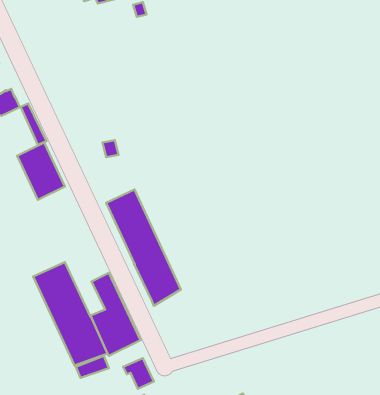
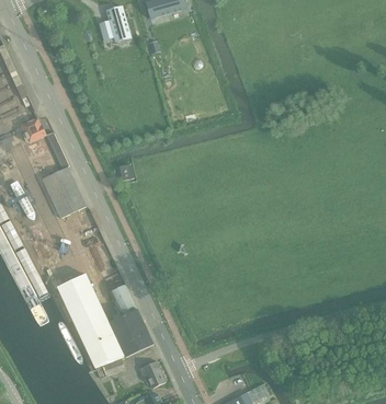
building: [106,190,181,306] -> none

